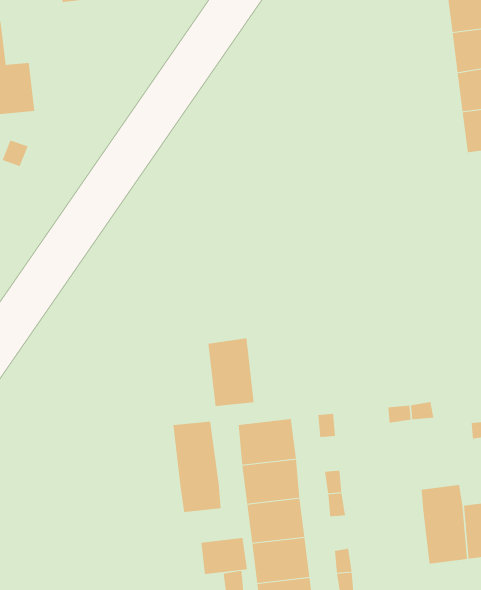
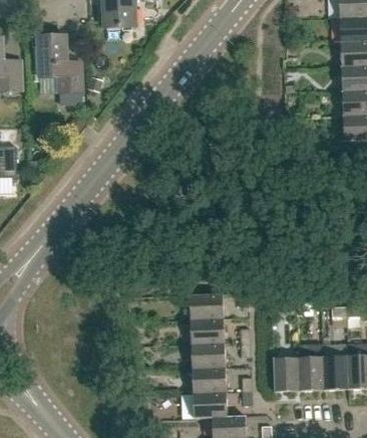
building: [208,337,254,407] -> none
building: [173,421,221,513] -> none
building: none -> [273,357,299,391]
building: [201,537,248,575] -> none

